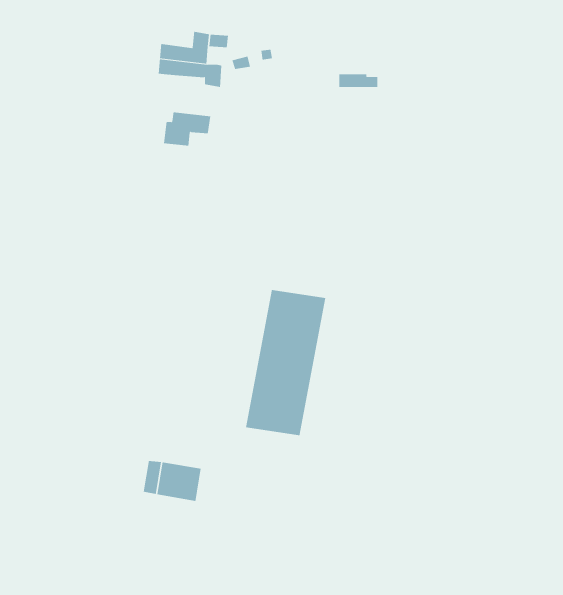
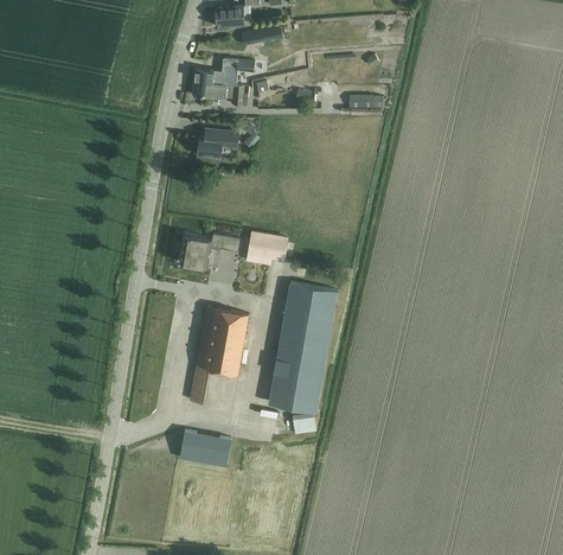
building: none -> [247,234,287,260]
building: none -> [179,235,239,268]
building: none -> [190,307,248,403]

